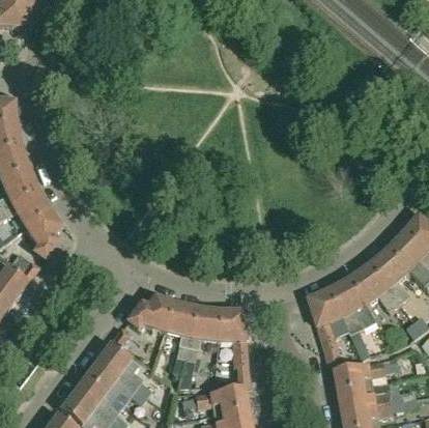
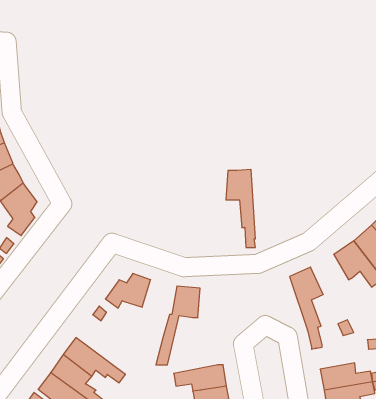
building: [330,278,367,334] -> none
building: [164,303,198,359] -> none
building: [219,310,248,387] -> [226,169,255,247]
building: [98,343,152,396] -> none
building: [336,362,385,391] -> none

